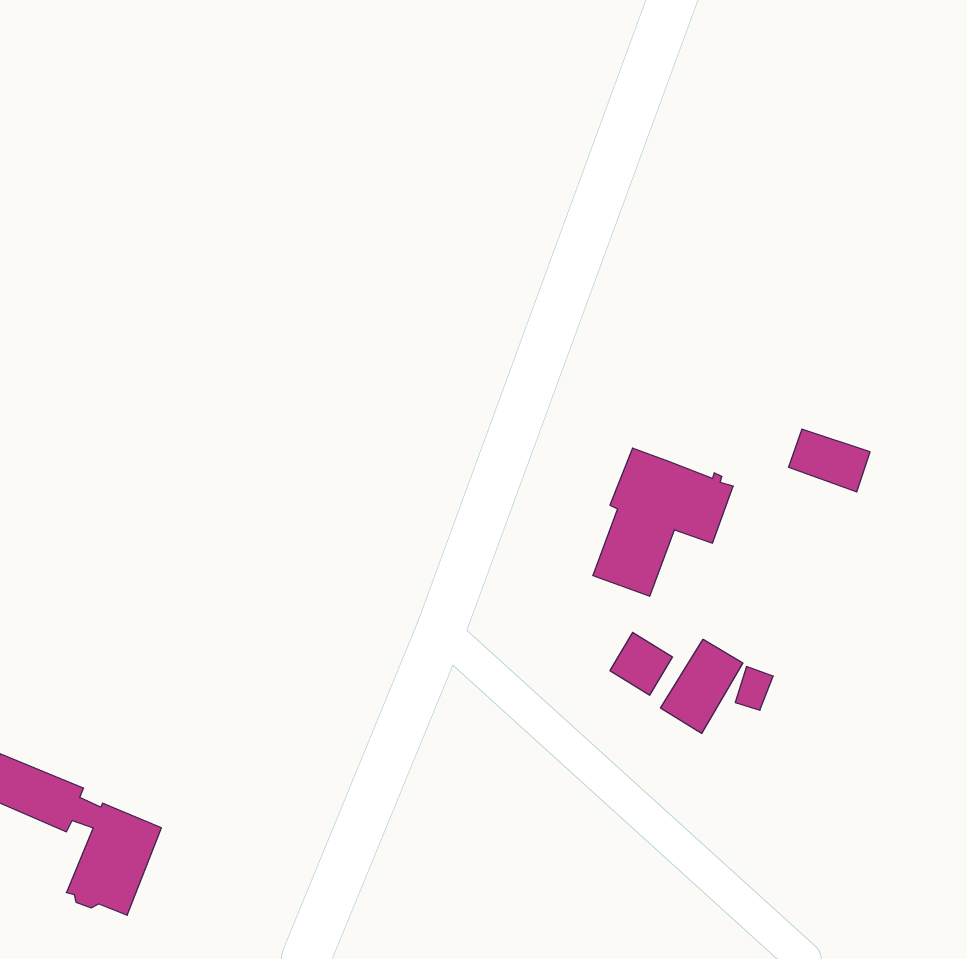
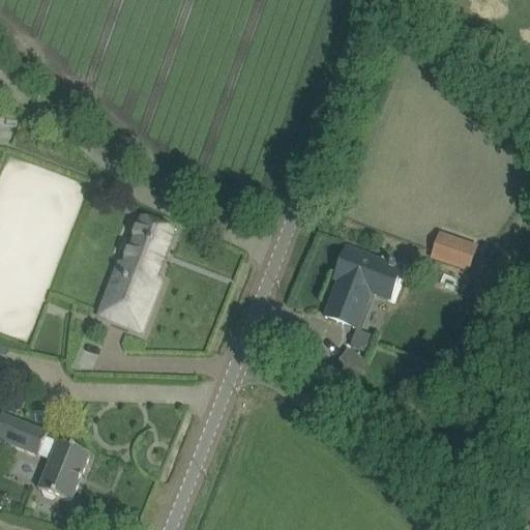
building: none -> [98,216,173,327]
building: [661,639,743,733] -> none

